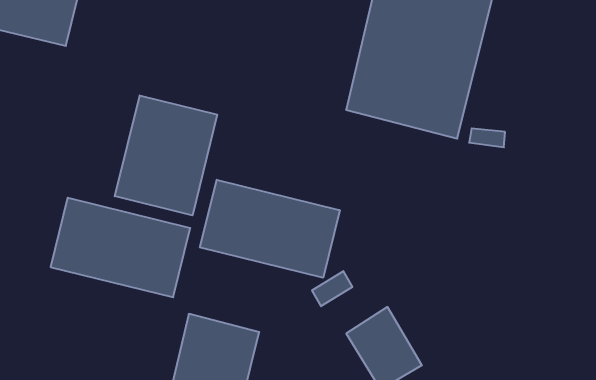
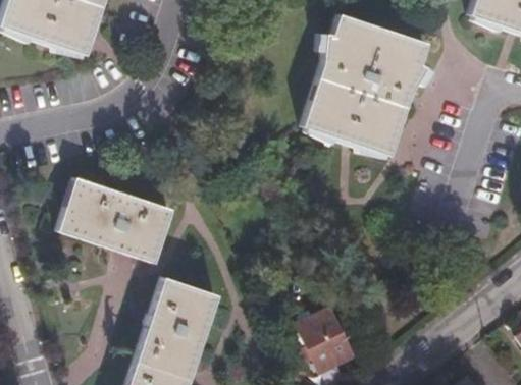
building: [115,95,217,215] -> none
building: [200,180,340,278] -> none

